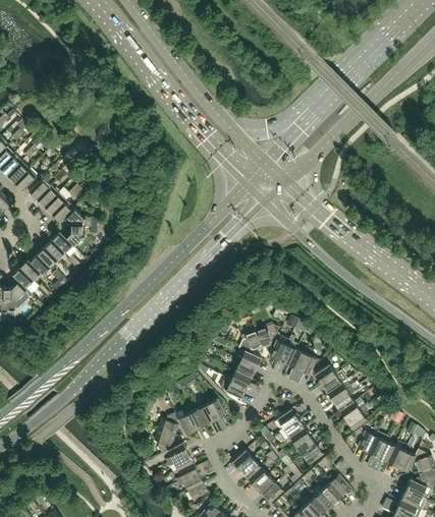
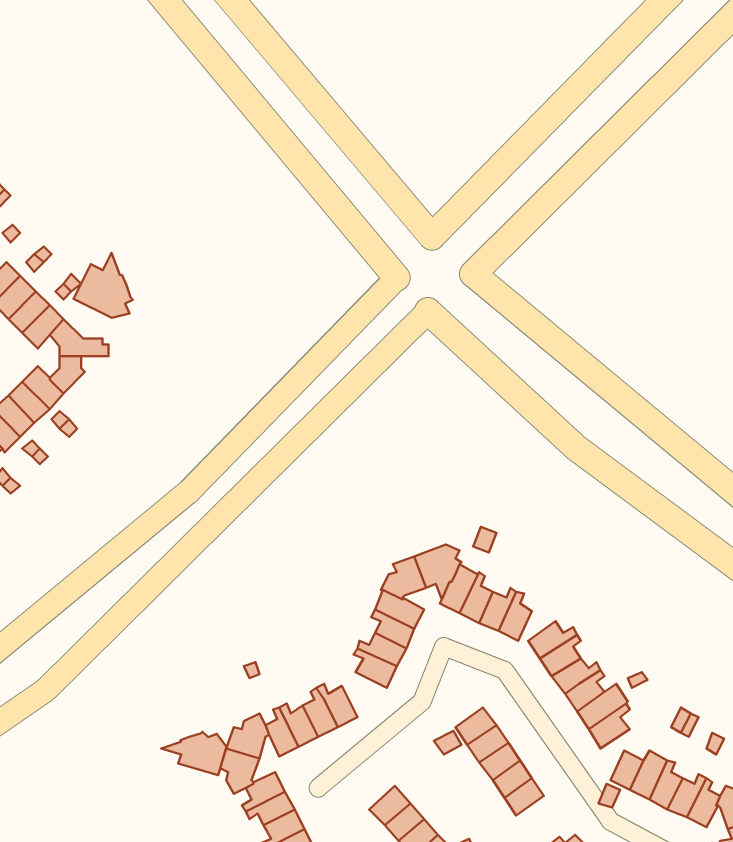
building: none -> [74,253,133,318]
building: none -> [161,732,227,775]

